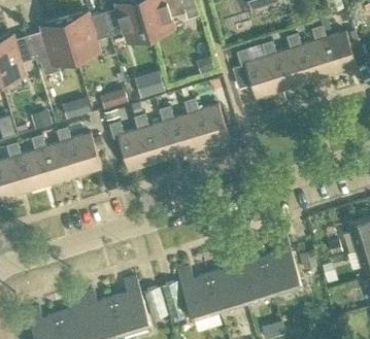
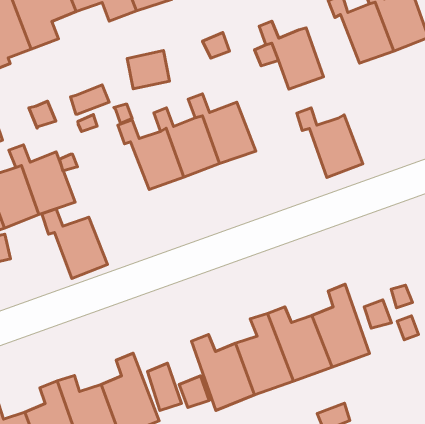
building: [261,41,305,91] -> [297,108,363,178]
building: [108,122,153,171] -> [42,209,108,278]

